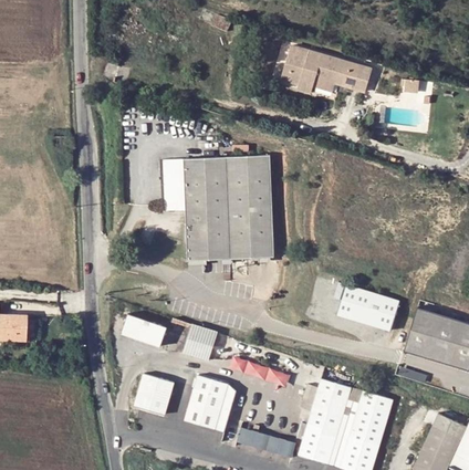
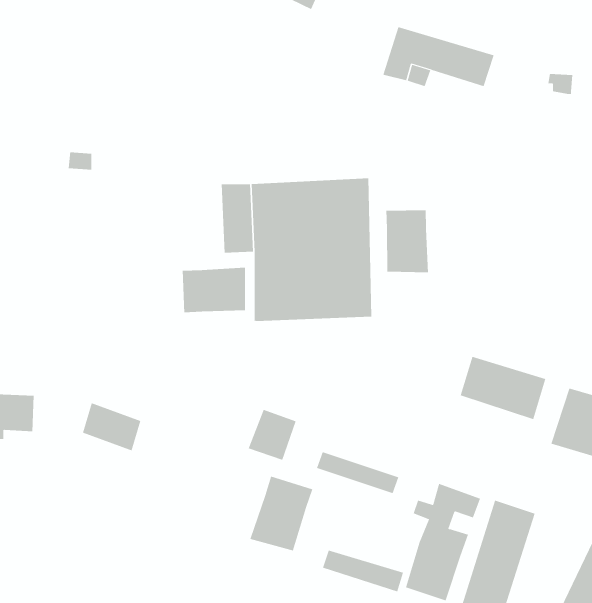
building: none -> [386,209,428,273]
building: none -> [182,267,246,313]
building: [123,314,166,349] -> [82,403,141,451]
building: [134,372,176,414] -> none

